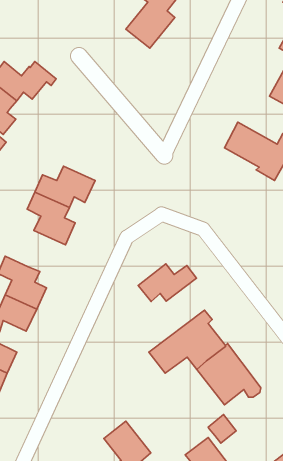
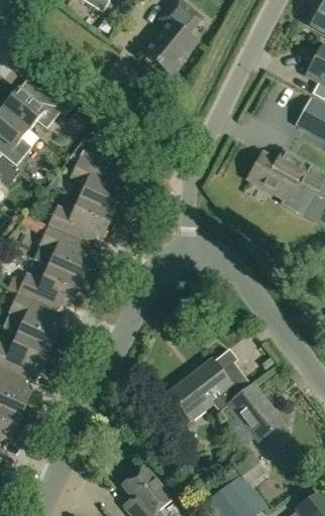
building: none -> [71,141,122,213]
building: none -> [17,265,81,303]
building: [138,264,197,301] -> none

